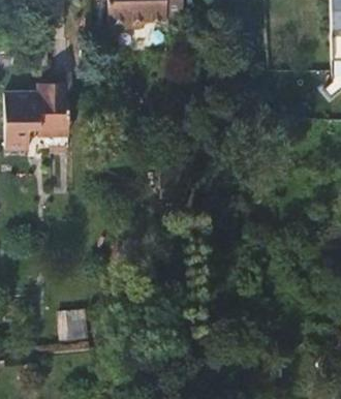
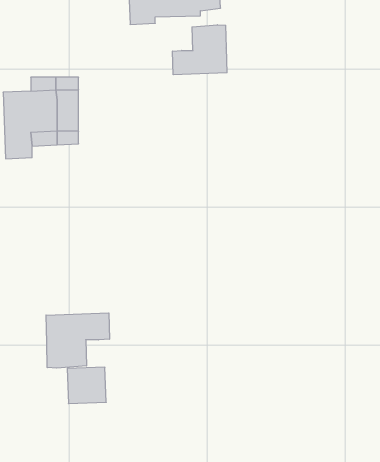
building: none -> [173,25,227,75]
building: none -> [46,313,109,368]

